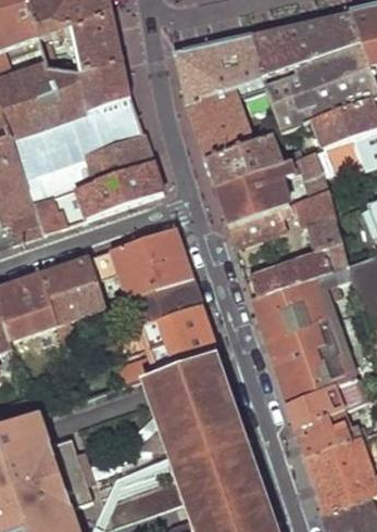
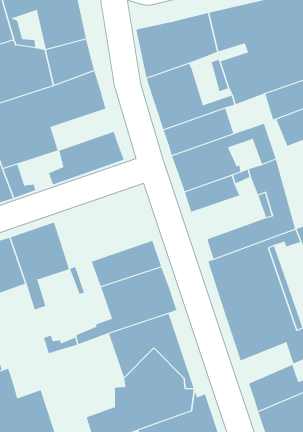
building: [85,137,152,181] -> none
building: [88,227,193,300] -> none
building: [287,387,343,430] -> none

